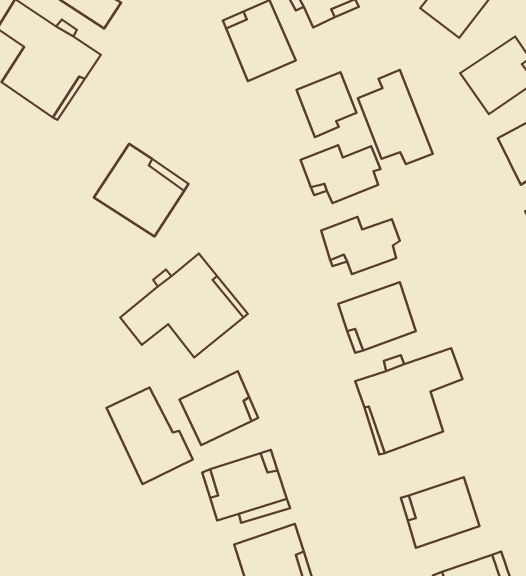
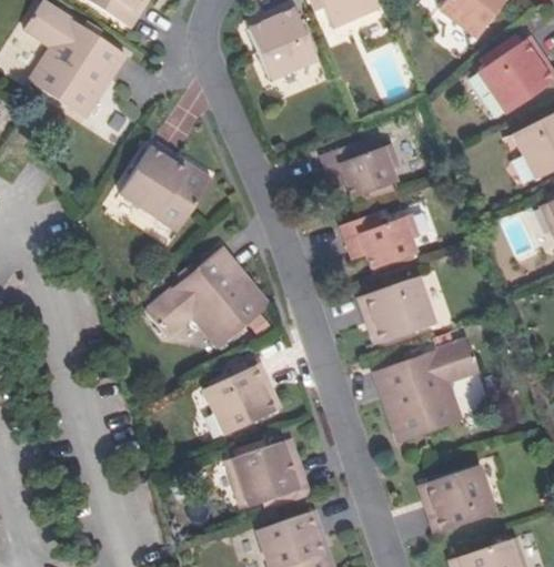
building: [358,70,433,164] -> none
building: [296,72,356,137] -> none
building: [107,387,193,484] -> none

